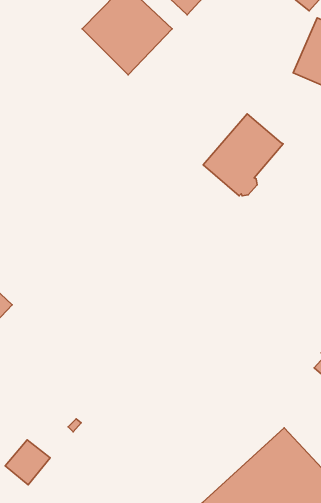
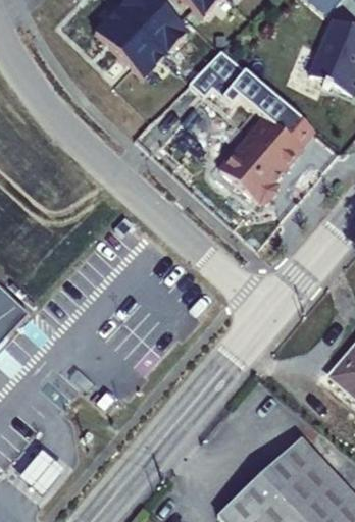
building: none -> [192,50,312,146]

